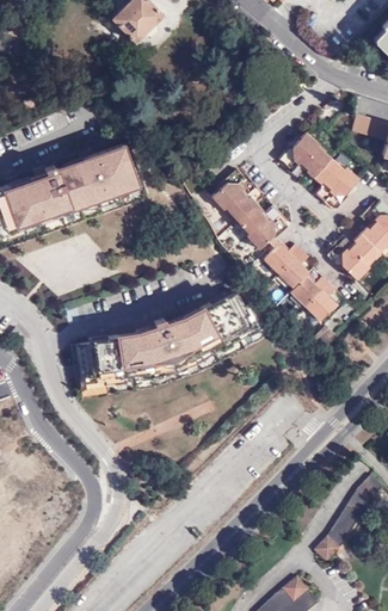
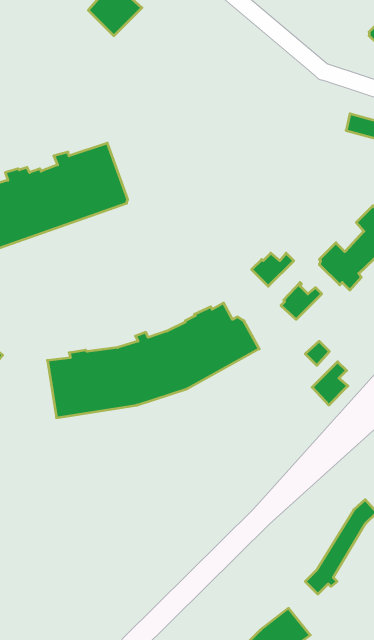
building: [278,131,358,208] -> none
building: [210,167,289,248] -> none
building: [279,251,309,288] -> none
building: [306,282,339,322] -> [312,362,348,405]

